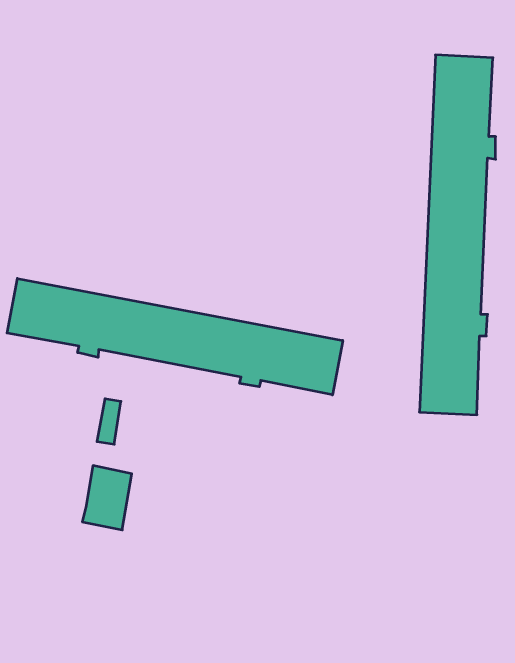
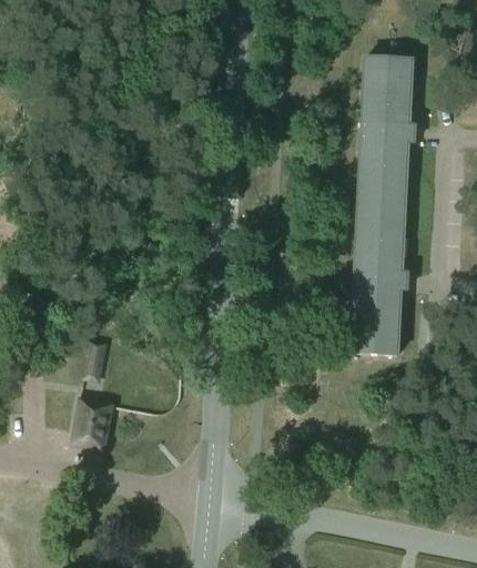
building: [7,278,343,395] -> none

